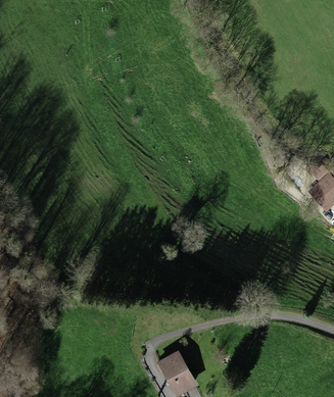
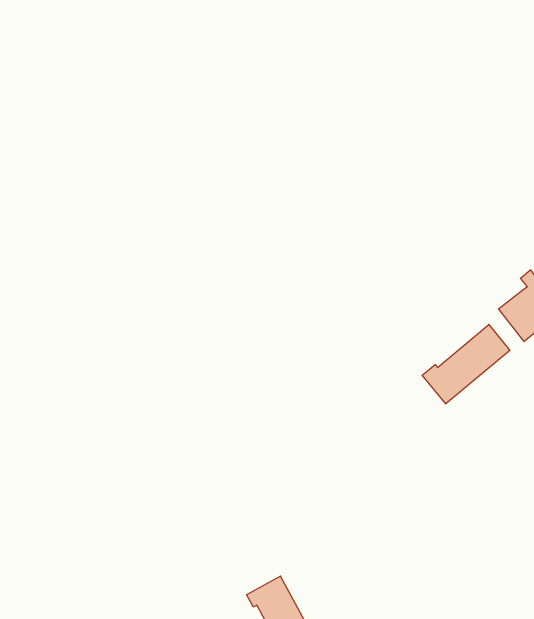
building: none -> [422,324,510,404]

